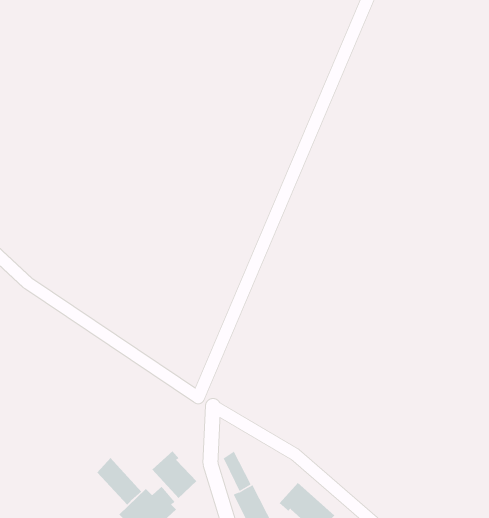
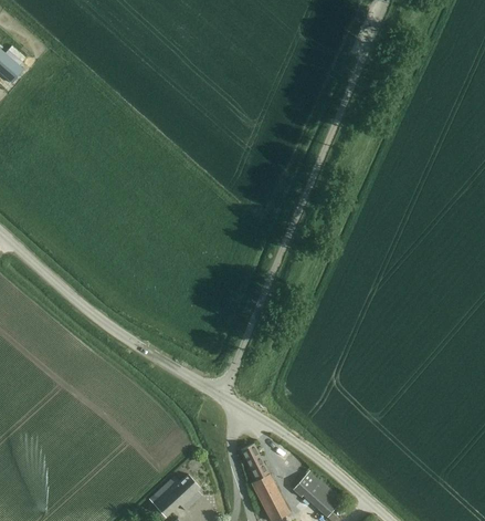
building: [152,451,197,499] -> none
building: [96,457,142,506] -> none

